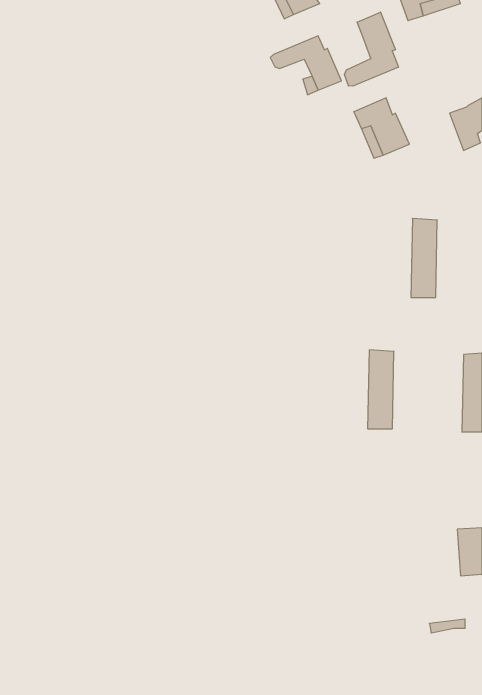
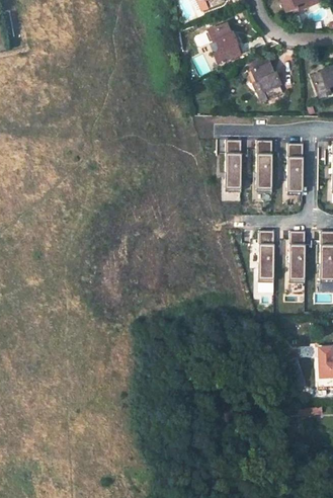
building: [344,12,398,86] -> none
building: none -> [225,140,243,191]
building: none -> [255,141,273,192]
building: none -> [288,231,306,282]

